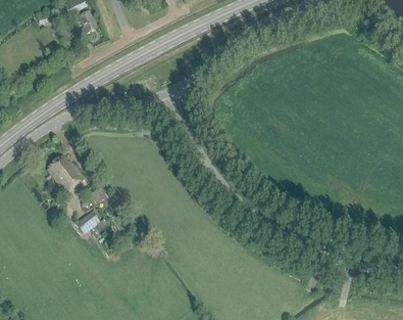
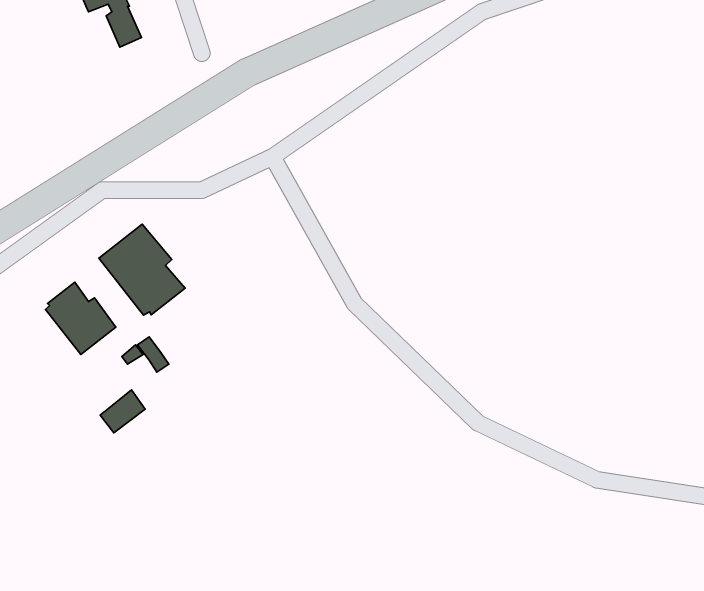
building: none -> [99,224,185,315]

